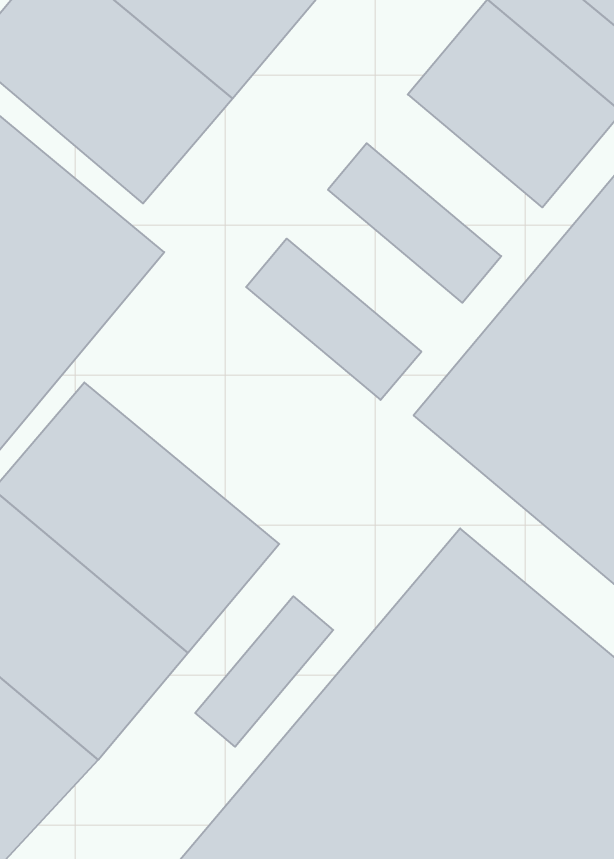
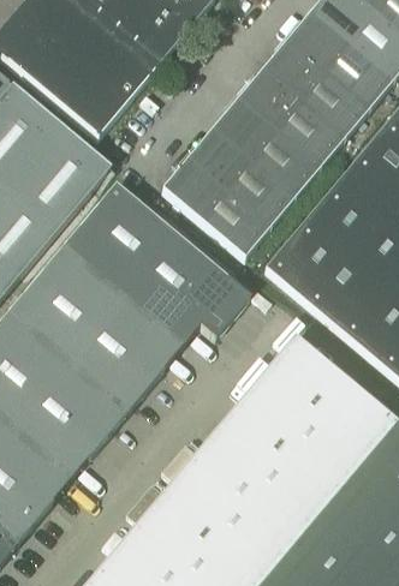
building: none -> [237,70,345,169]
building: none -> [187,128,296,228]
building: none -> [62,183,251,347]
building: [195,596,333,747] -> none

